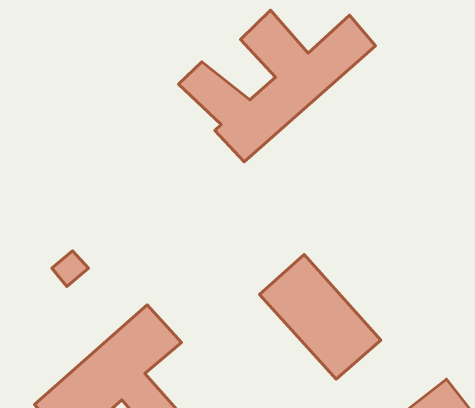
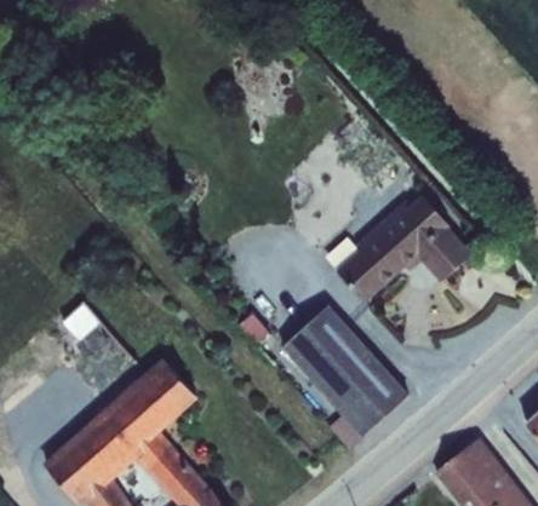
building: [178,10,376,162] -> none
building: none -> [337,195,473,304]

